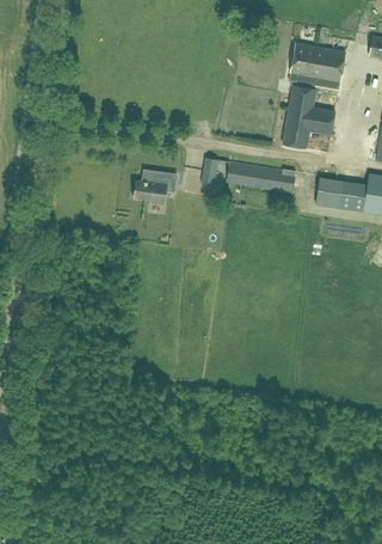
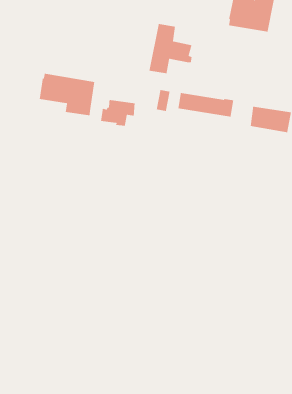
building: [282,85,335,147] -> [148,23,192,74]
building: none -> [39,73,95,116]

